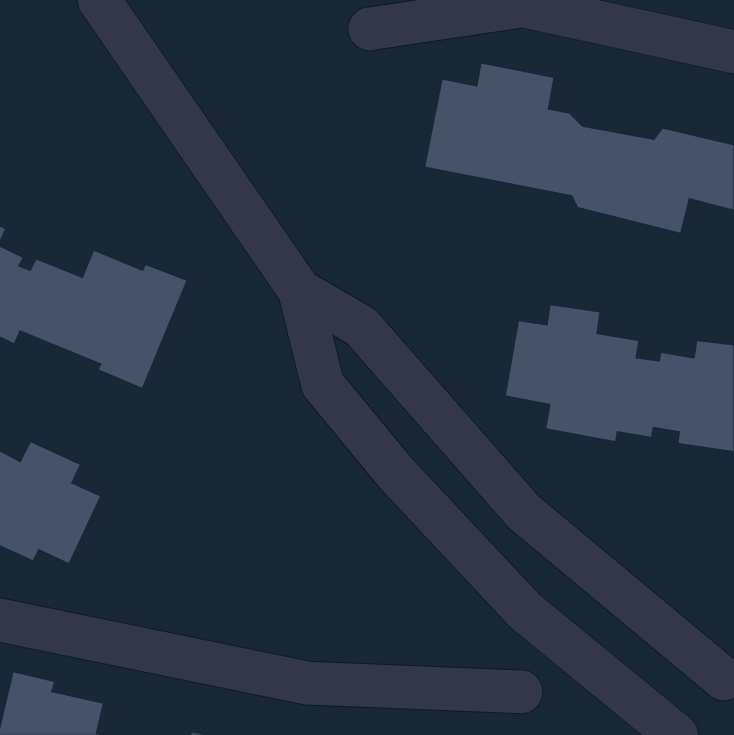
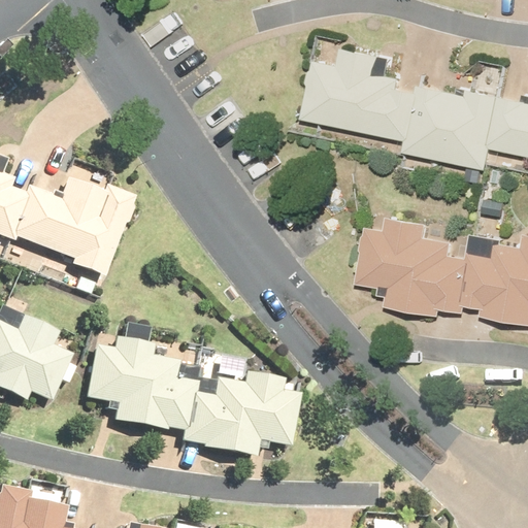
building: none -> [84,338,301,462]

